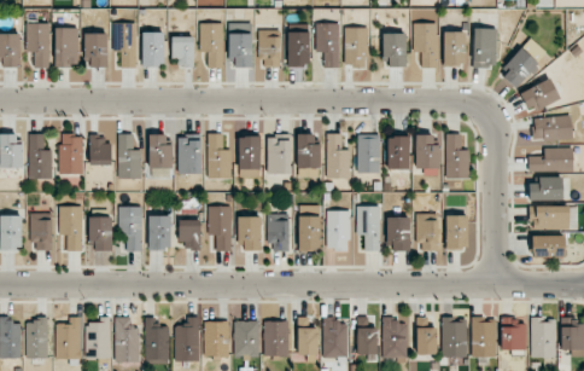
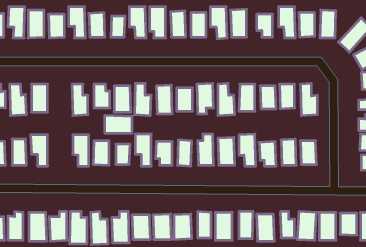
building: [89,134,111,166] -> none
building: none -> [105,115,132,133]
building: [90,215,113,250] -> none

